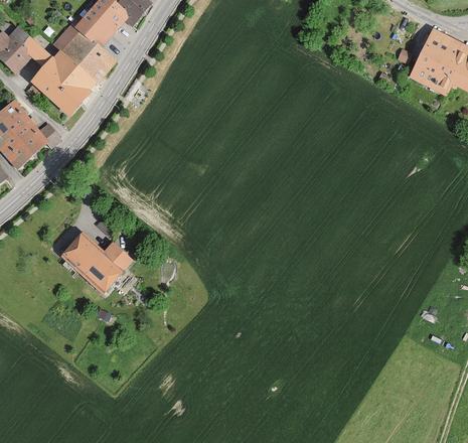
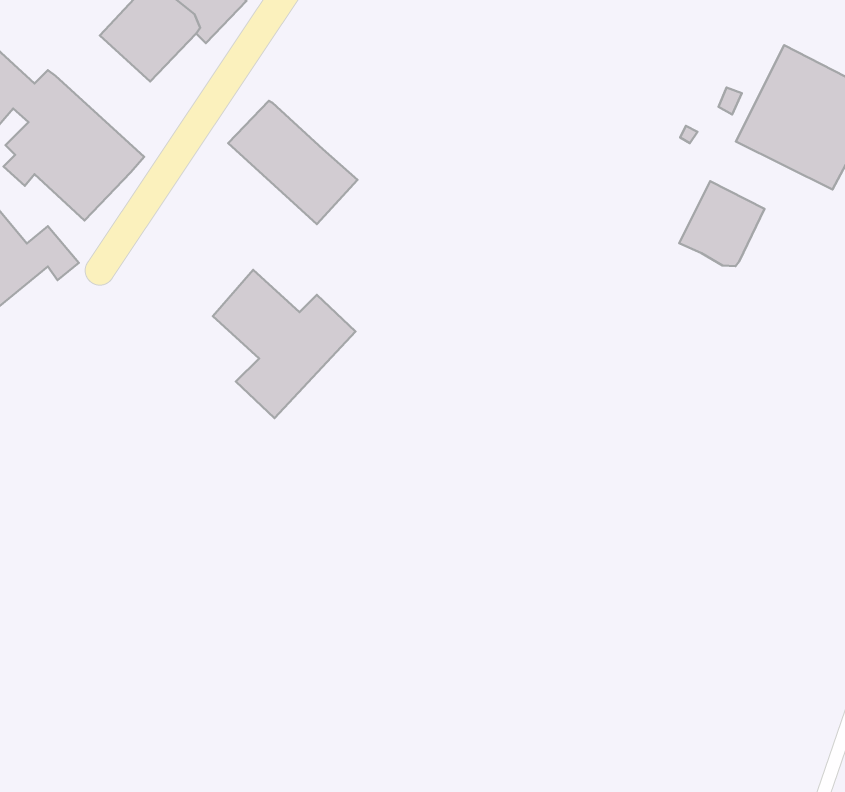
building: [52,20,120,85] -> [228,101,357,224]
building: none -> [679,181,765,266]
building: [60,226,135,303] -> [213,270,355,418]

